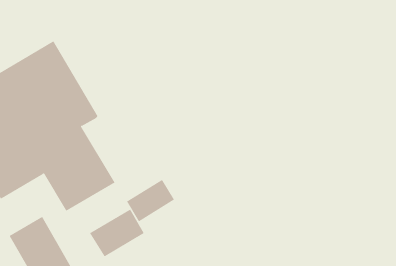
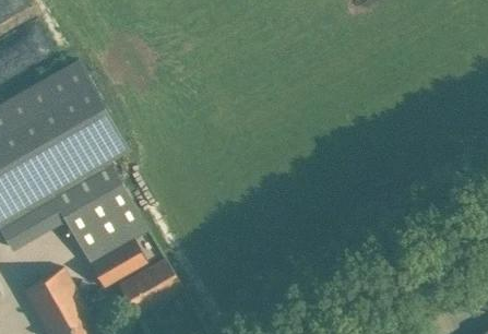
building: [126,179,175,222] -> [90,238,146,288]

